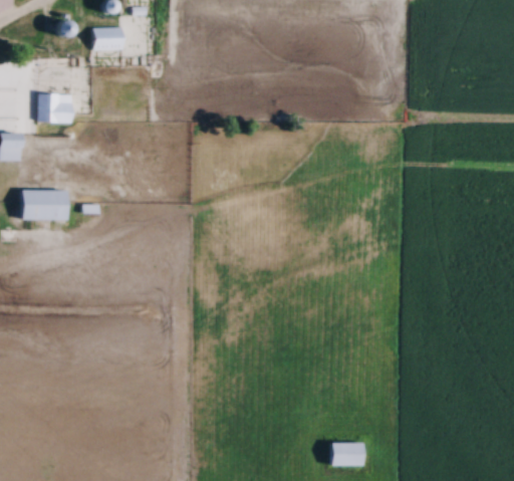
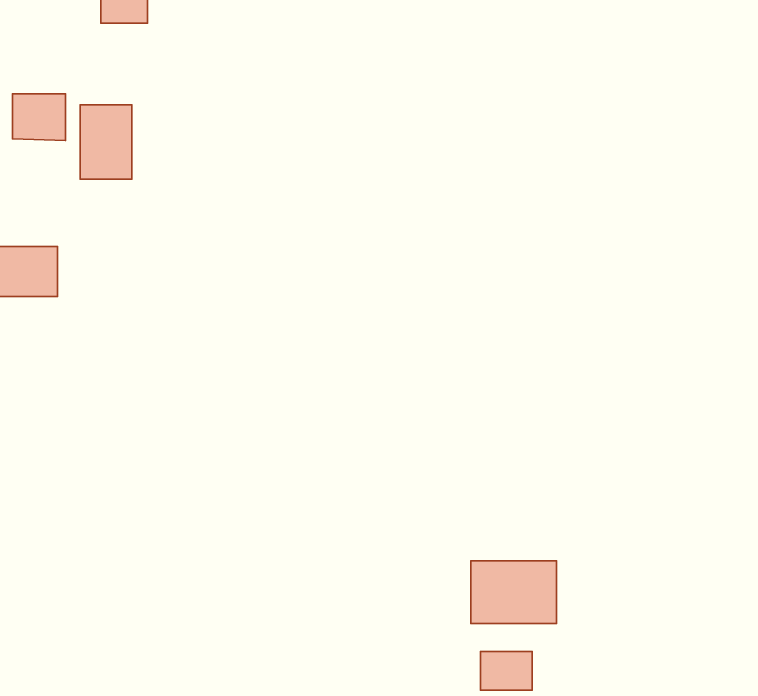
building: none -> [80,105,132,179]
building: none -> [471,561,557,623]

